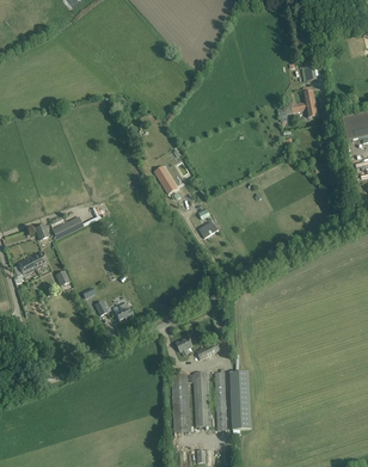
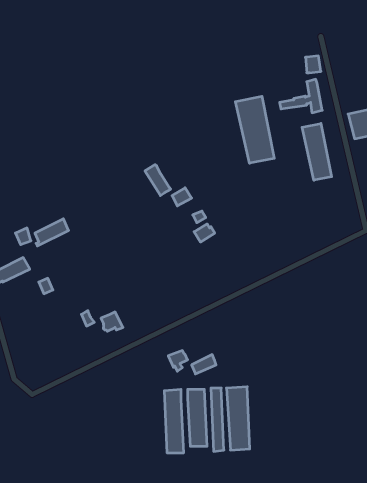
building: none -> [235,96,274,163]
building: none -> [302,123,332,180]

